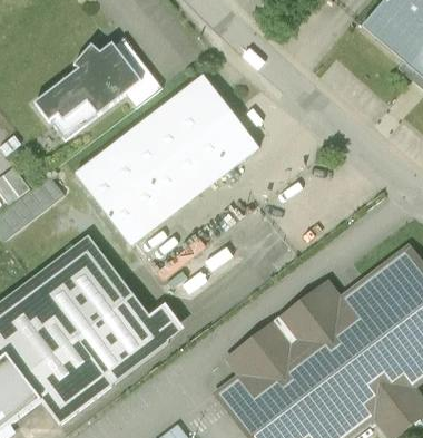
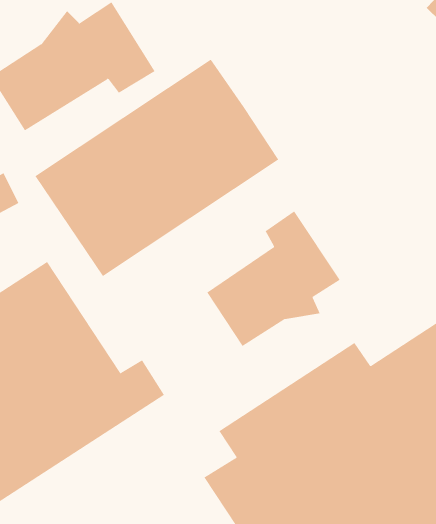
building: none -> [206,211,340,347]

